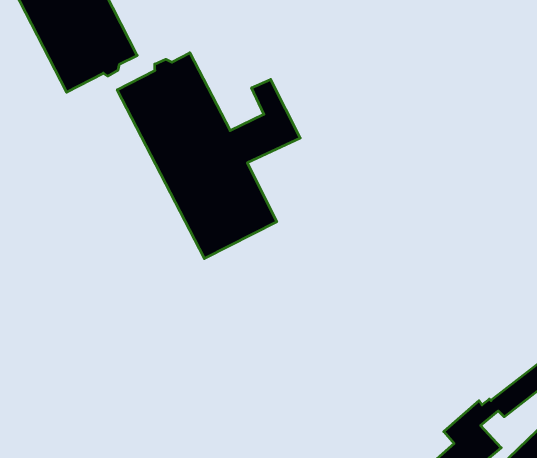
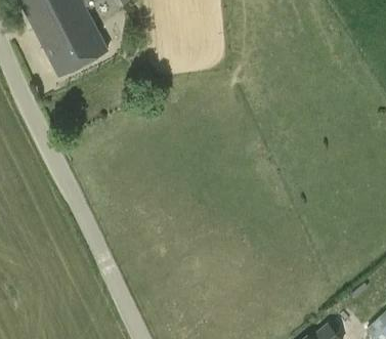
building: [117,53,300,259] -> none

